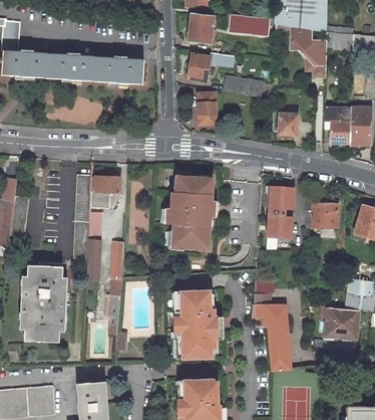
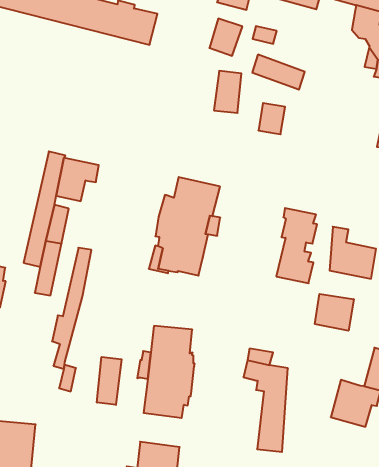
building: [280,115,297,136] -> [258,103,285,134]
building: none -> [315,294,354,331]
building: none -> [97,357,122,405]

